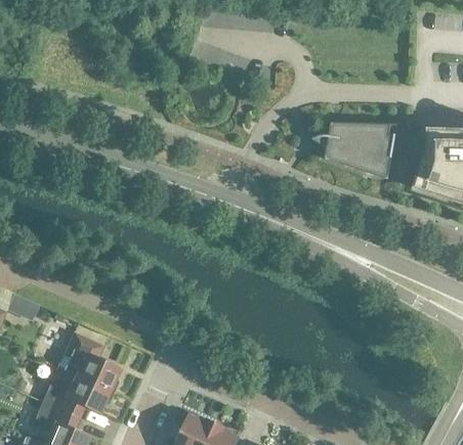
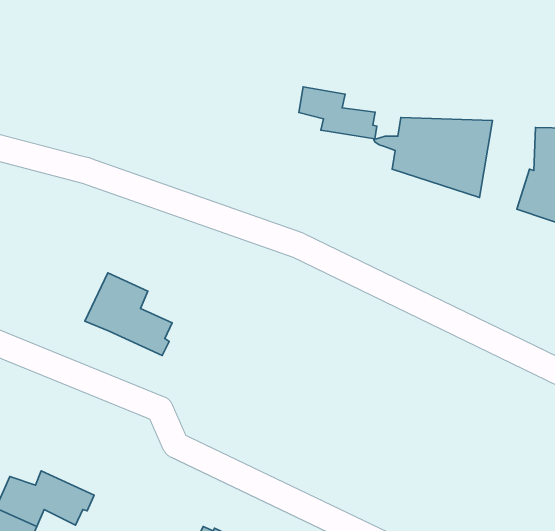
building: none -> [299,87,377,139]
building: [58,333,121,393] -> [85,273,172,356]

